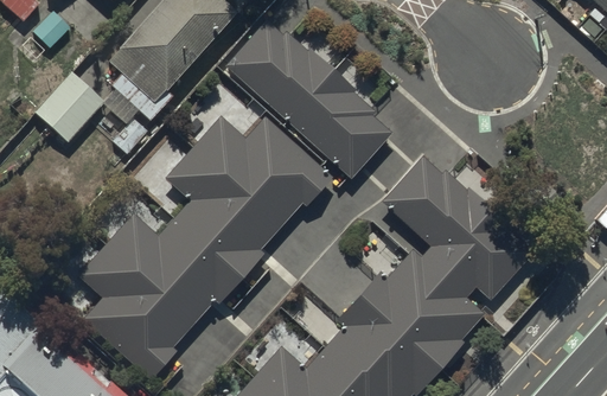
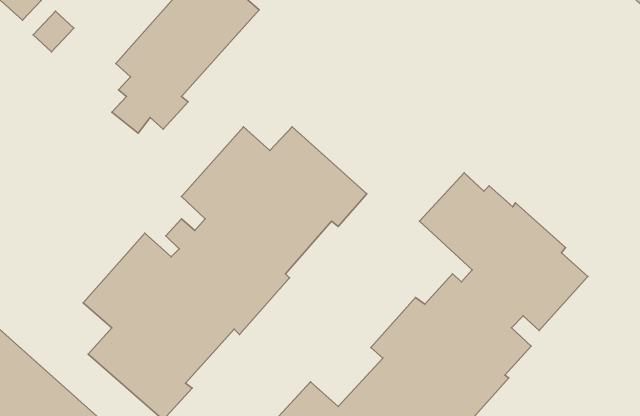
building: [226,20,391,178] -> none
building: [36,74,106,142] -> none

